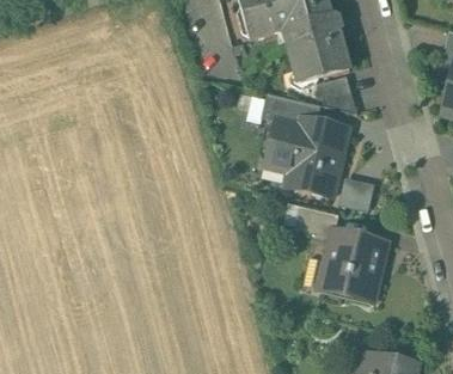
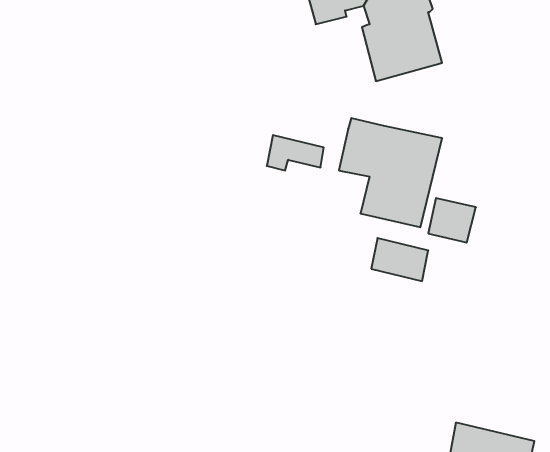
building: [318,76,357,115] -> none
building: [262,93,306,121] -> [267,135,324,170]
building: [320,232,382,301] -> none

